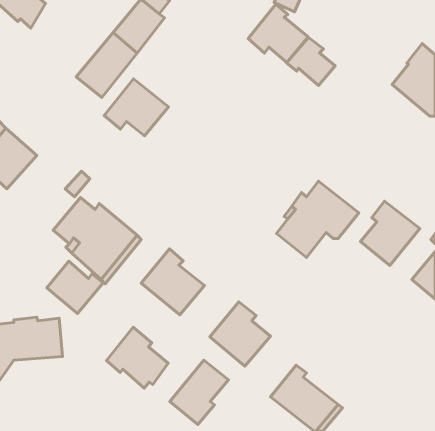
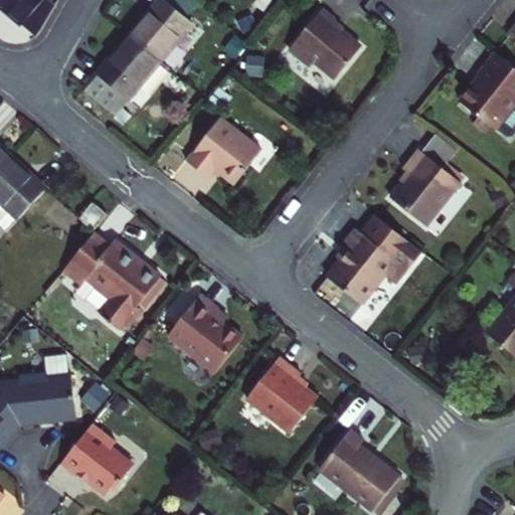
building: [287,37,335,85] -> none
building: [104,79,168,136] -> [189,118,265,185]
building: [361,201,420,265] -> [390,148,460,223]
building: [47,261,103,314] -> none
building: [106,327,168,388] -> [57,422,130,494]
building: [170,360,229,424] -> none

